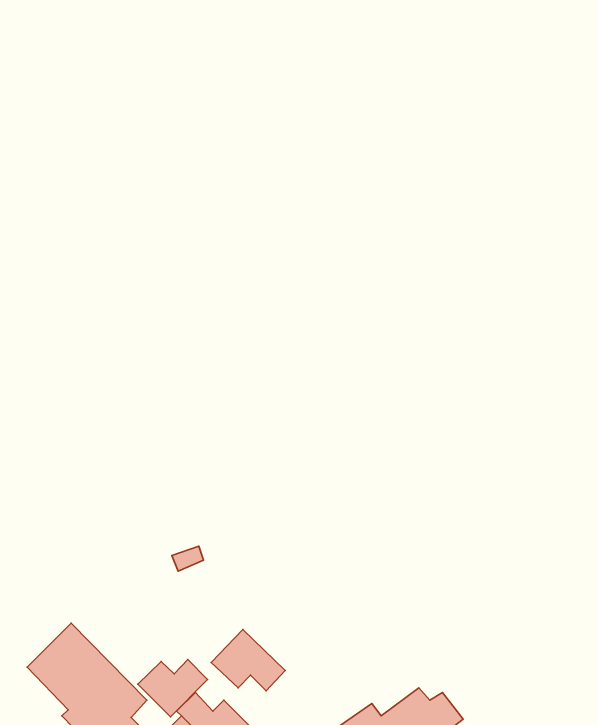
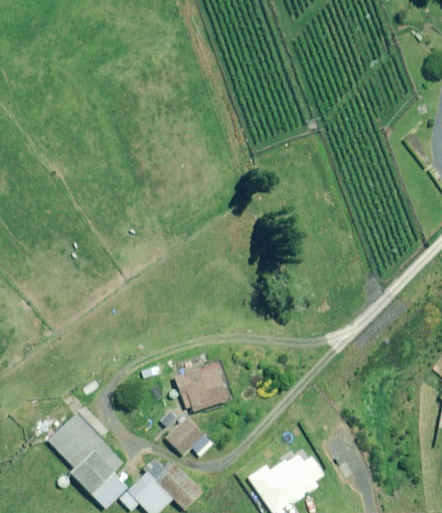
building: none -> [173,361,230,412]
building: [138,659,207,717] -> none

